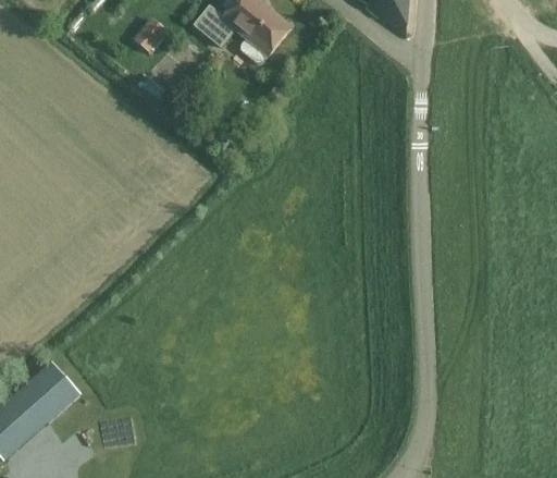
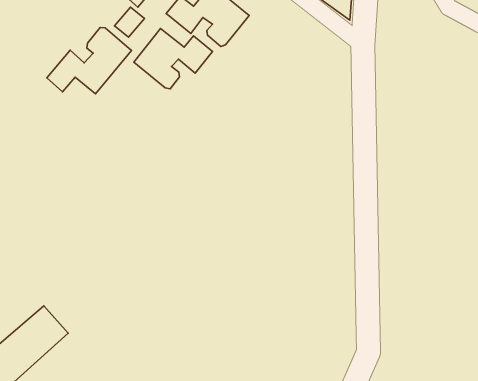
building: none -> [47,27,131,94]
building: none -> [134,28,212,89]

